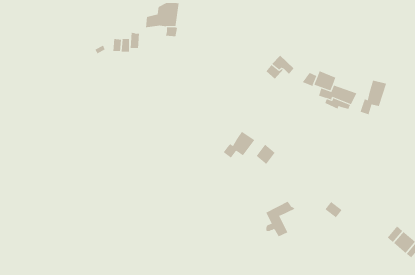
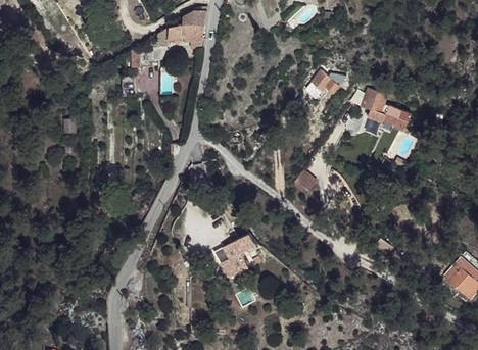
building: [360,80,387,115] -> none
building: [223,131,255,159] -> none
building: [266,201,295,237] -> [224,234,257,274]

